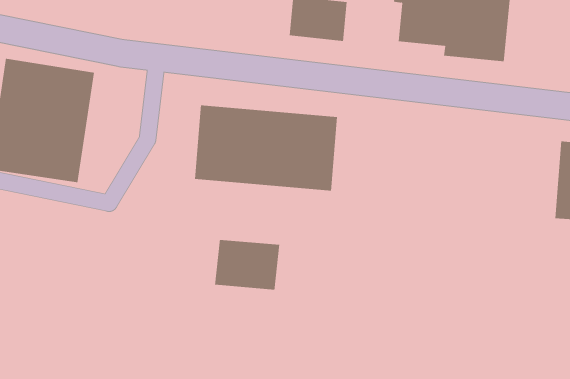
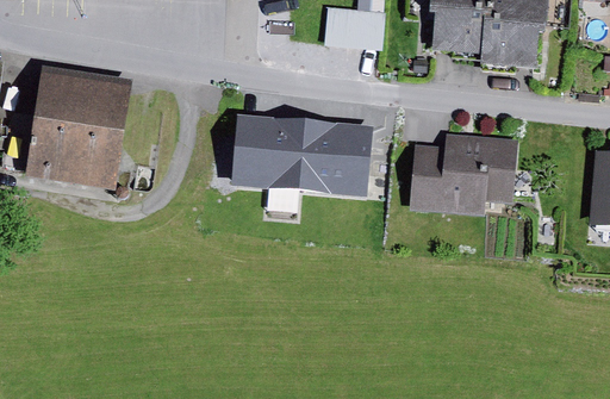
building: none -> [410,130,518,214]
building: [215,239,280,290] -> none

